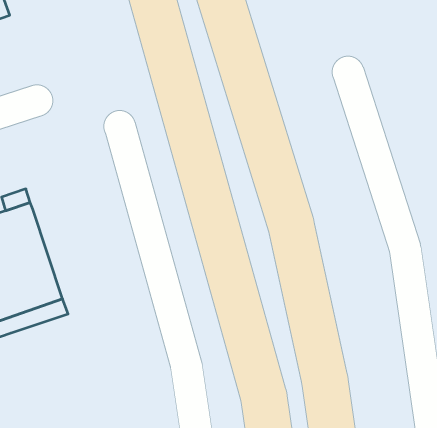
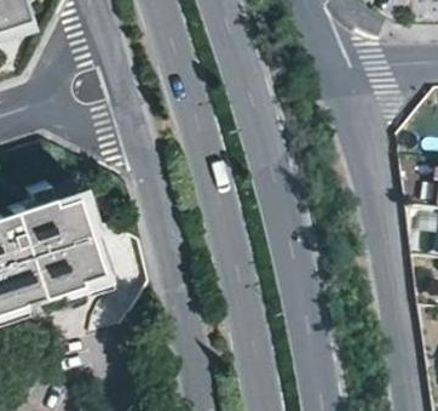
building: none -> [52,188,109,278]

